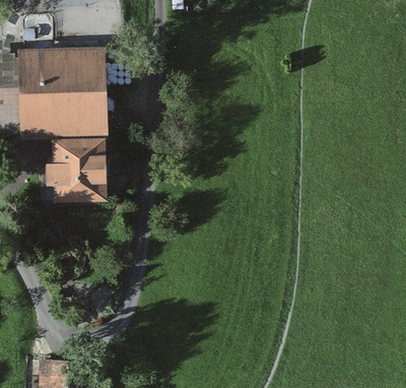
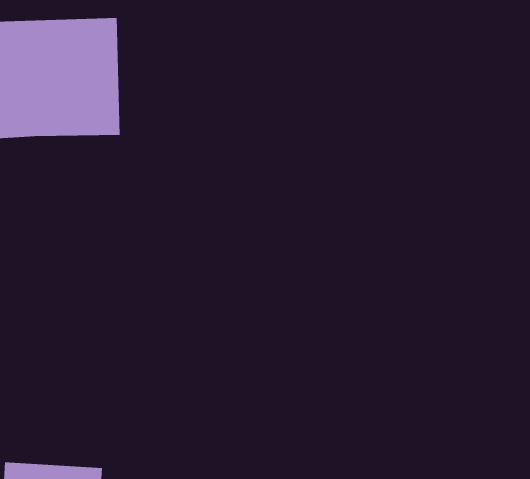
building: [48,133,109,199] -> none

